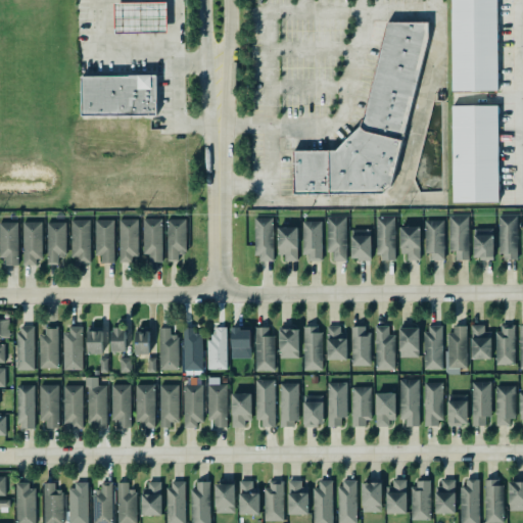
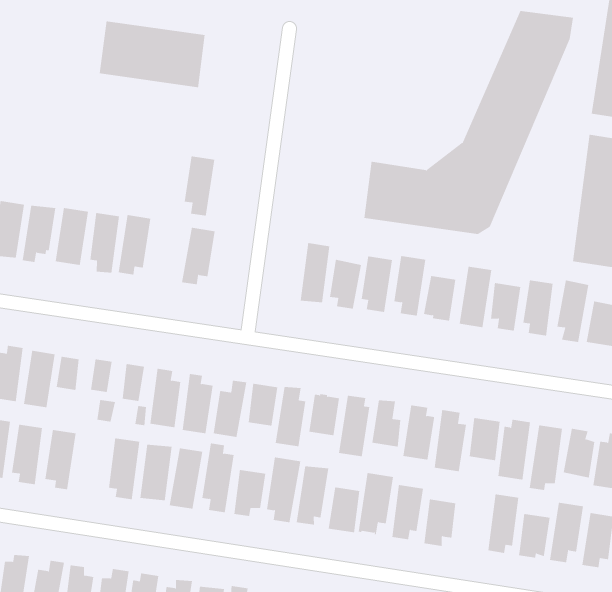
building: [143,218,161,260] -> [184,156,215,216]
building: [400,379,421,427] -> none
building: [112,384,132,428] -> none

